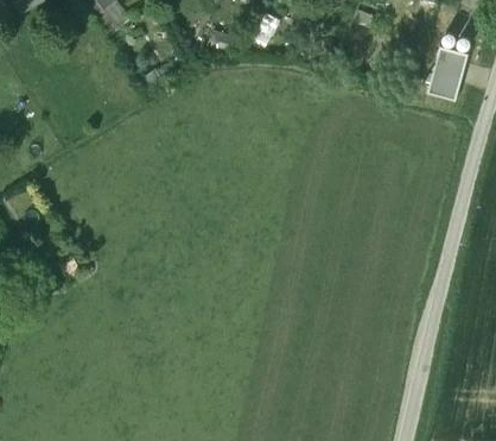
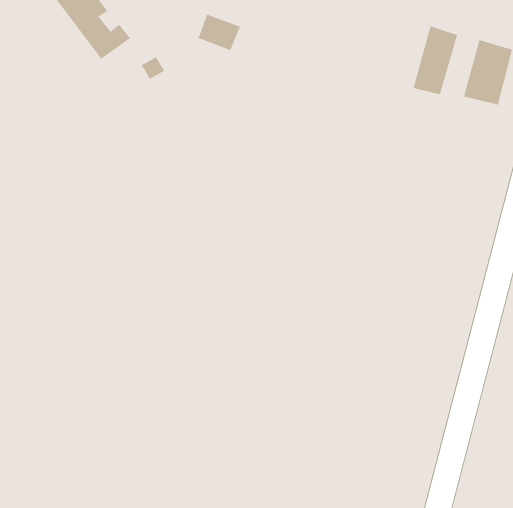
building: none -> [413,26,458,95]

